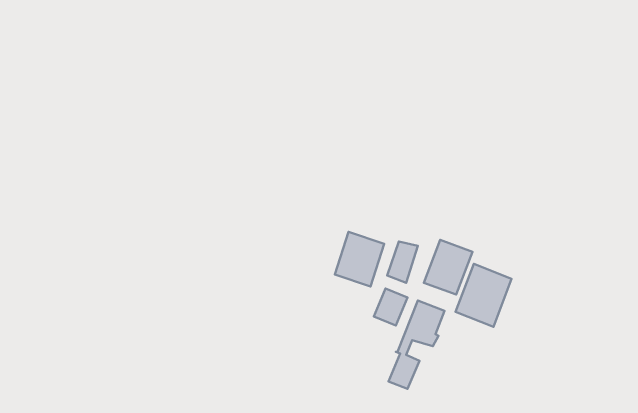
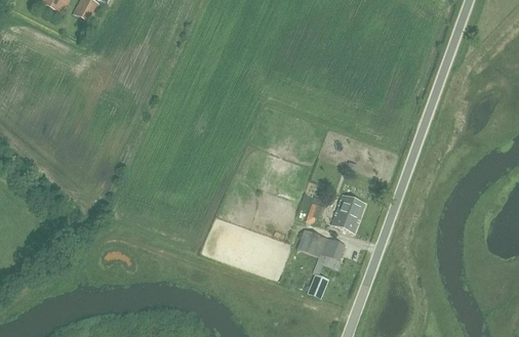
building: [335,232,384,286] -> none
building: [456,264,512,327] -> none

